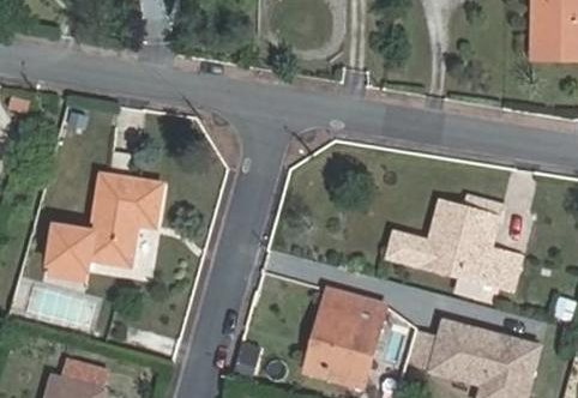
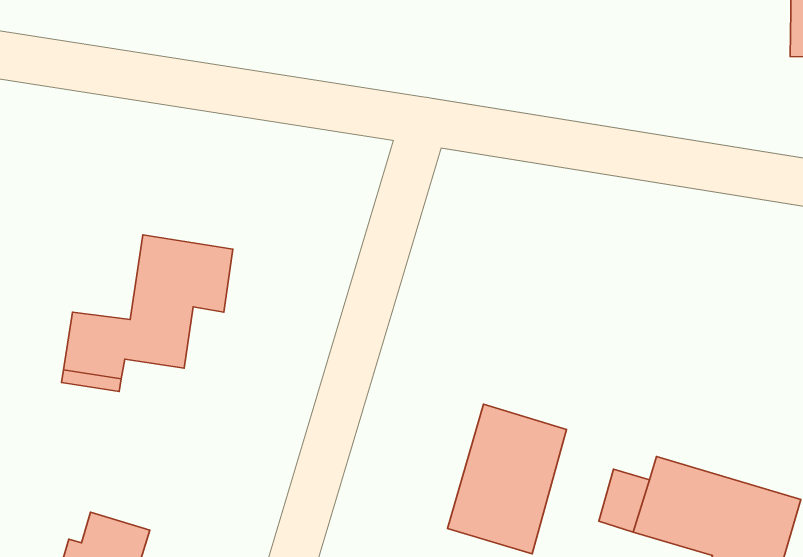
building: [387,195,523,288] -> none

